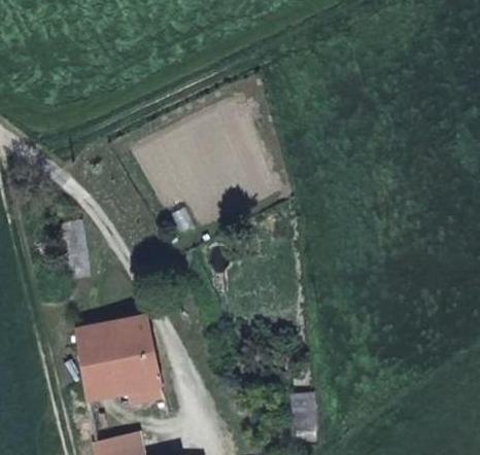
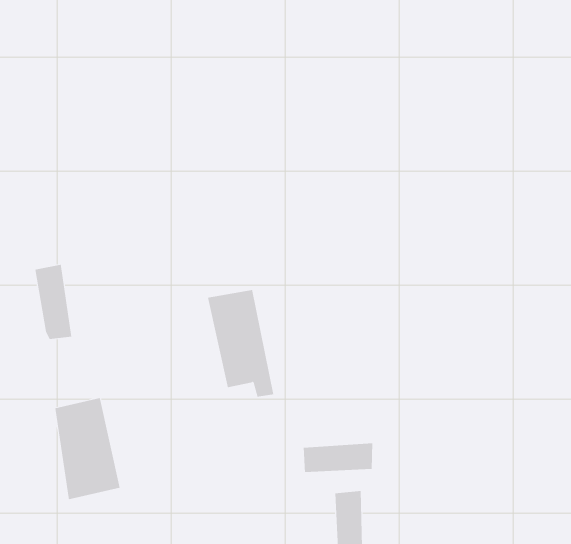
building: [111,315,163,397] -> [207,289,274,397]
building: none -> [303,442,373,473]

